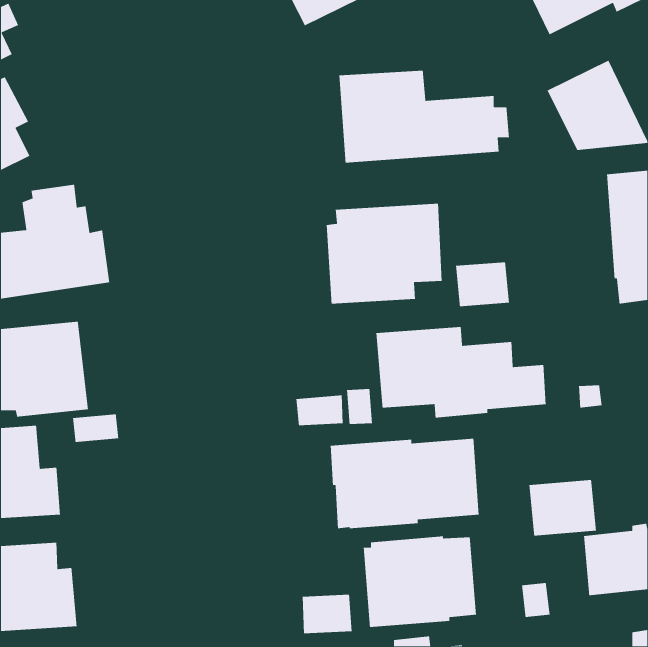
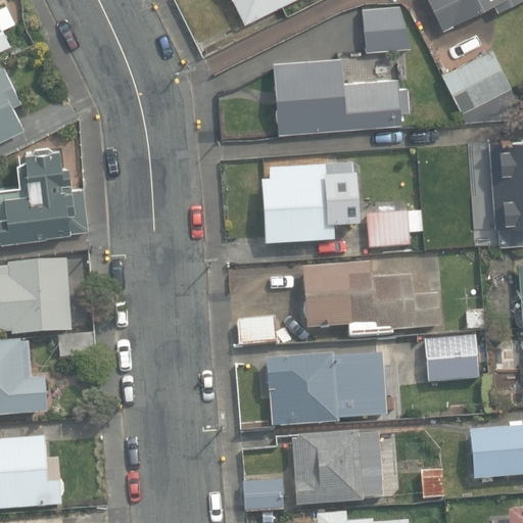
building: none -> [362,4,411,50]
building: [528,479,597,536] -> [425,336,480,382]

